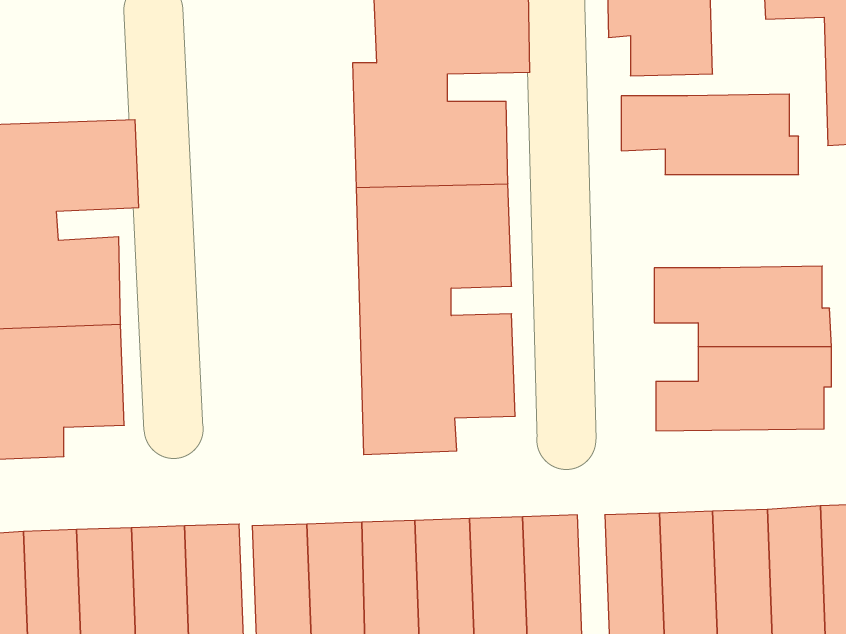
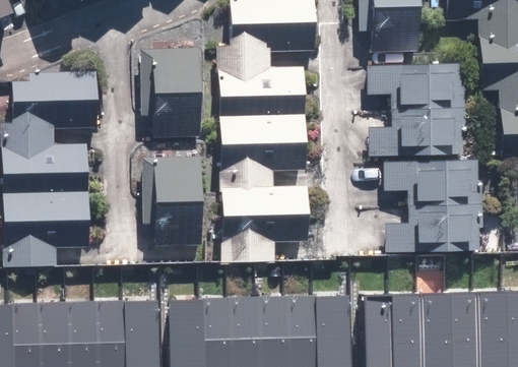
building: none -> [142,46,201,134]
building: none -> [370,106,466,152]
building: none -> [144,154,202,244]

